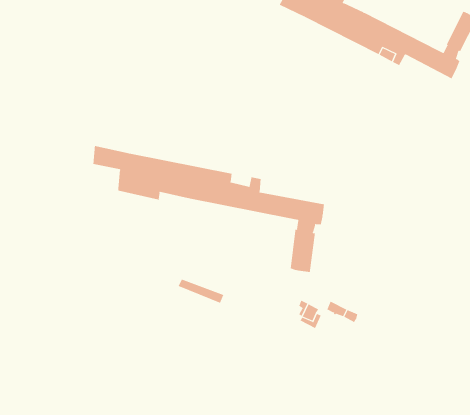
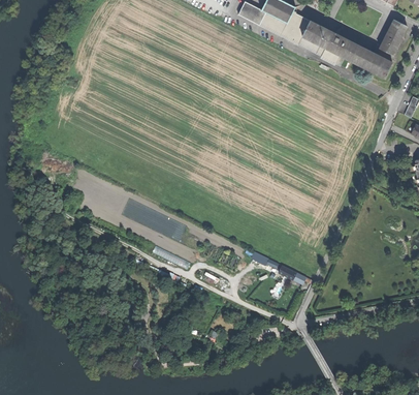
building: [93,145,325,273] -> none

